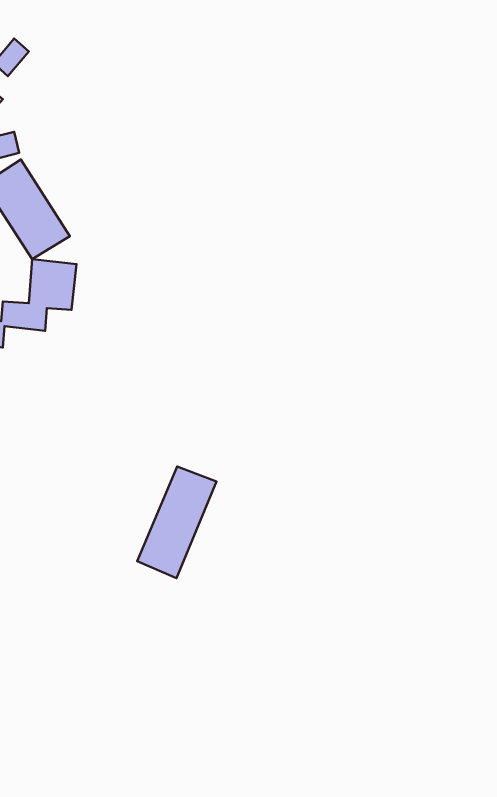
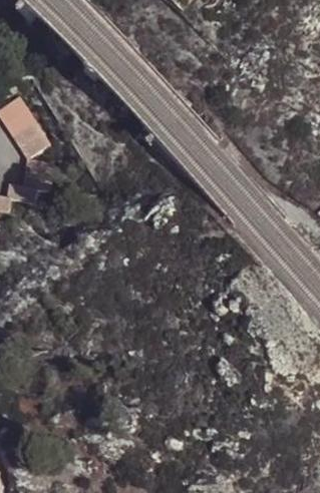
building: [137,466,217,578] -> none

